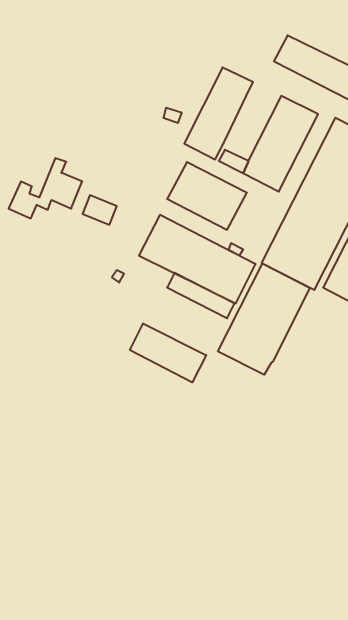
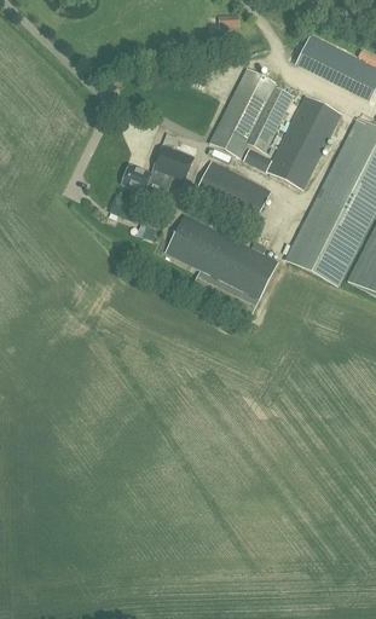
building: none -> [248,86,293,150]
building: [9,158,82,218] -> [121,133,193,192]
building: [218,264,310,375] -> none
building: [130,323,206,382] -> none

